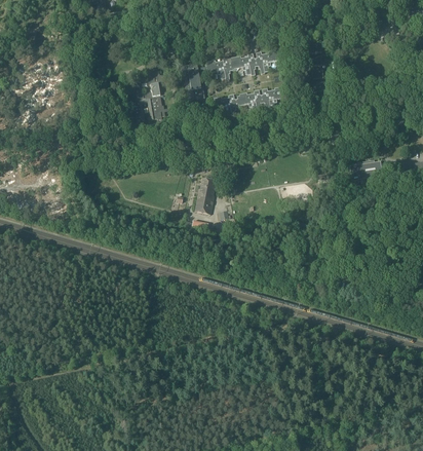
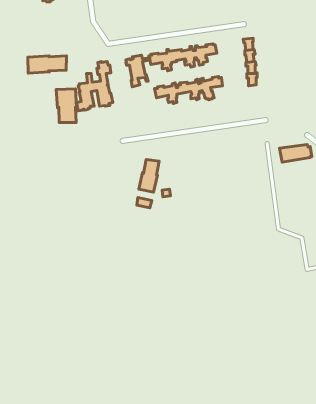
building: none -> [28,56,67,73]
building: none -> [56,89,77,123]

